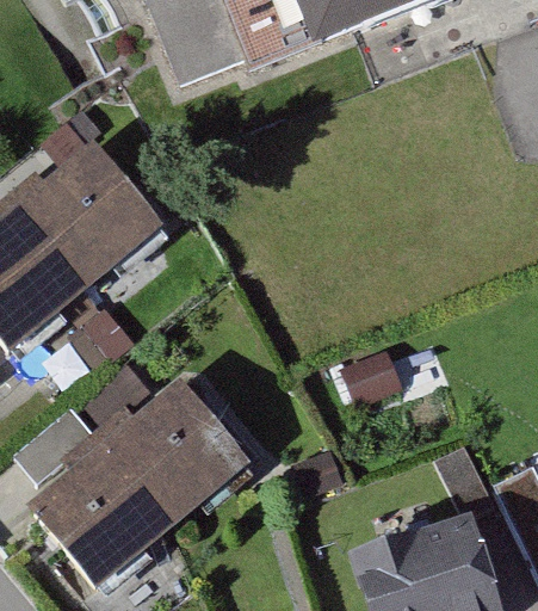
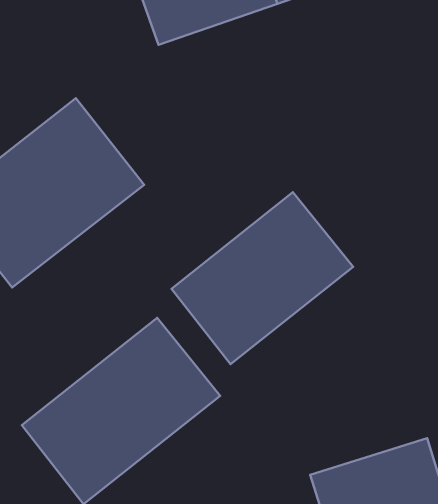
building: none -> [171,192,353,364]

